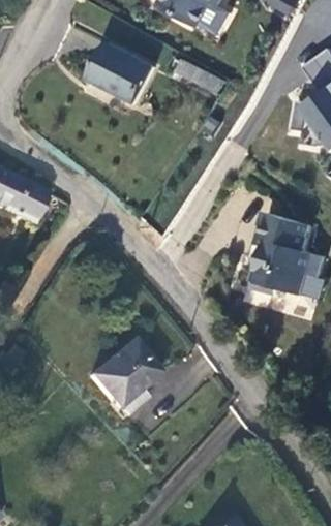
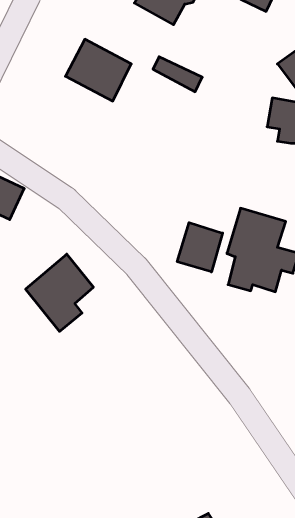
building: none -> [177,223,223,272]
building: [91,340,159,417] -> [26,254,93,331]

